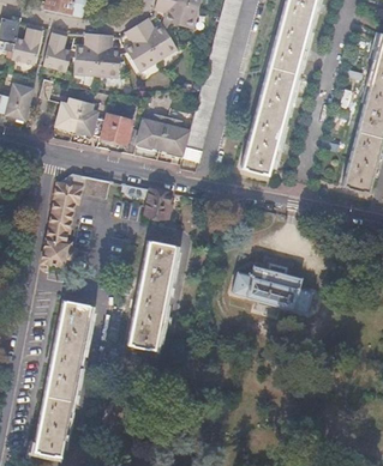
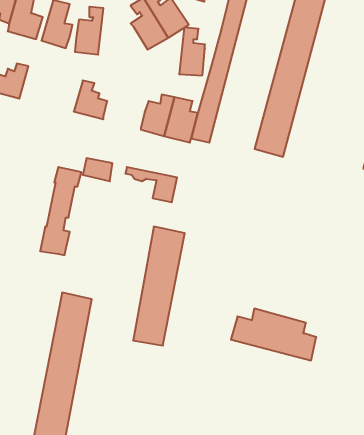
building: [96,36,120,80] -> [179,28,205,75]
building: [54,99,82,132] -> none
building: [101,114,139,147] -> none
building: [234,264,313,311] -> [231,309,316,360]

